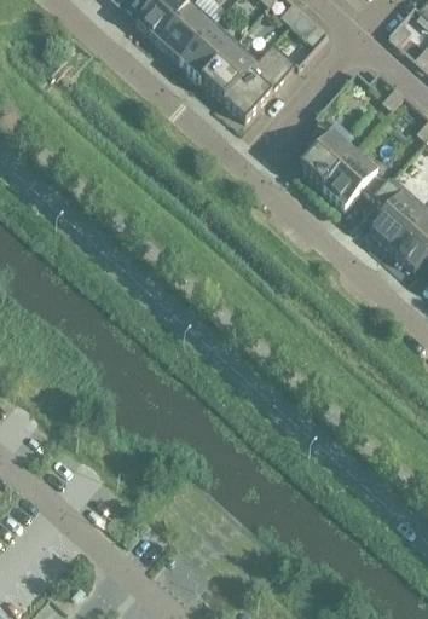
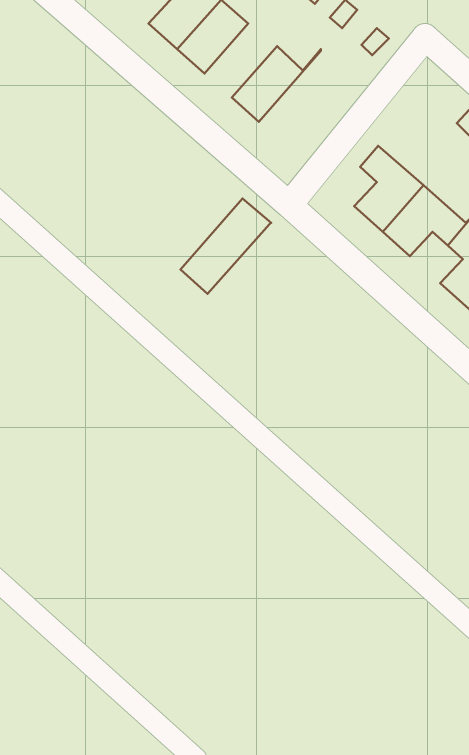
building: [179,21,237,80] -> none
building: [222,42,295,118] -> [180,199,271,294]

